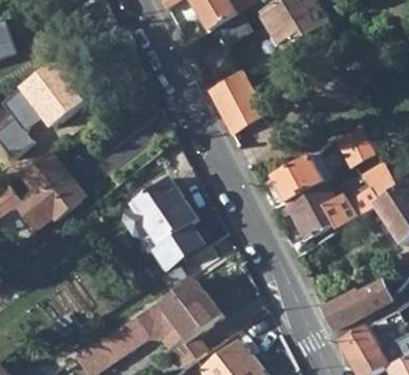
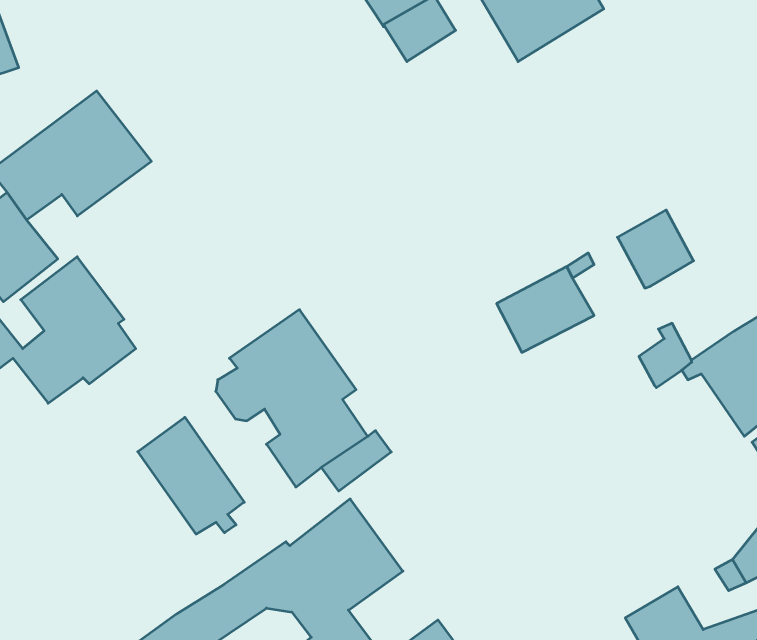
building: [206,72,264,135] -> none
building: [359,165,397,206] -> none
building: [284,181,342,240] -> none
building: none -> [138,417,244,534]
building: [321,286,389,329] -> none

